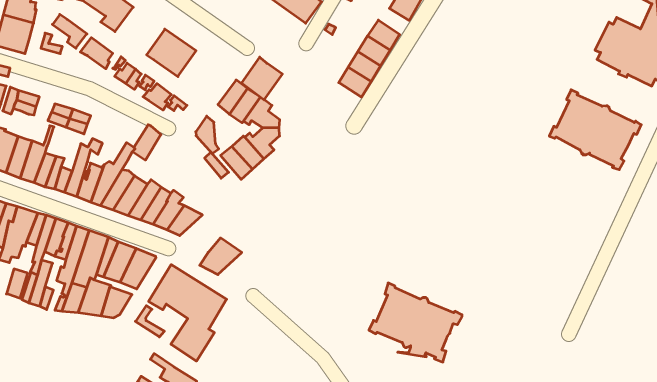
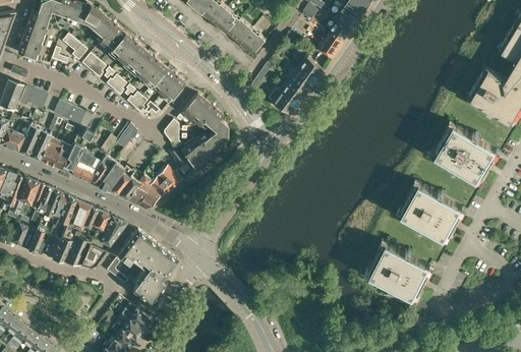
building: none -> [108,34,146,70]
building: [241,57,282,100] -> [153,70,184,103]
building: none -> [396,181,466,243]
building: [200,238,242,275] -> [150,167,182,194]
building: [369,283,462,362] -> [363,240,435,303]

